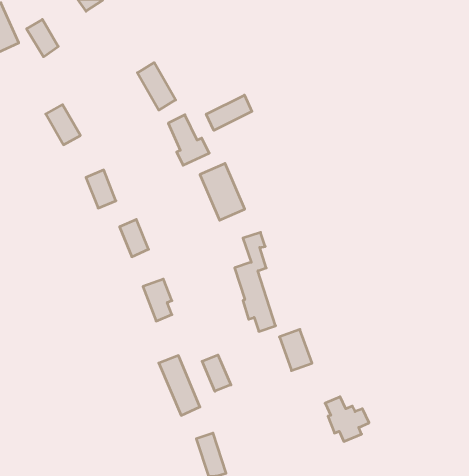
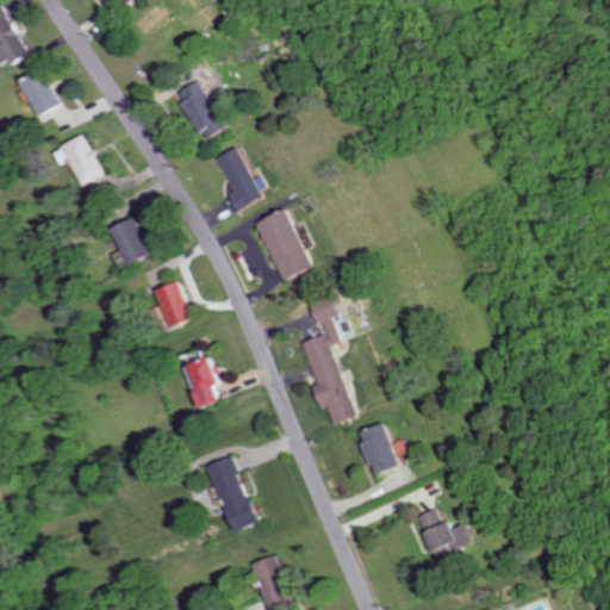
building: [27,19,58,57] -> [18,69,58,117]
building: [206,95,252,130] -> none
building: [202,355,231,391] -> none

